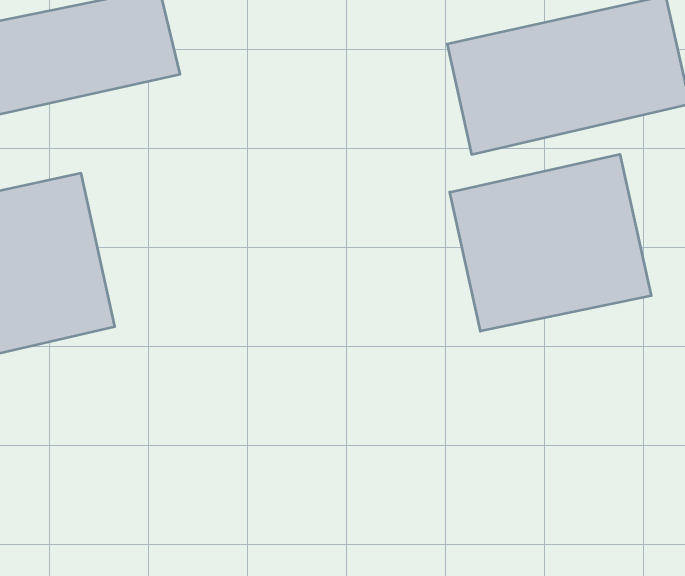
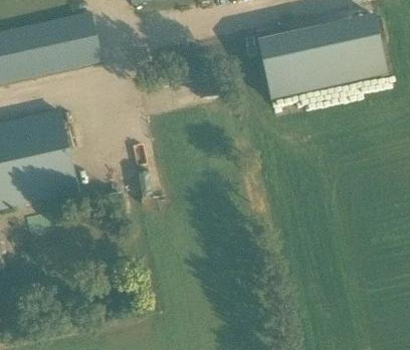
building: [450,154,651,331] -> none

